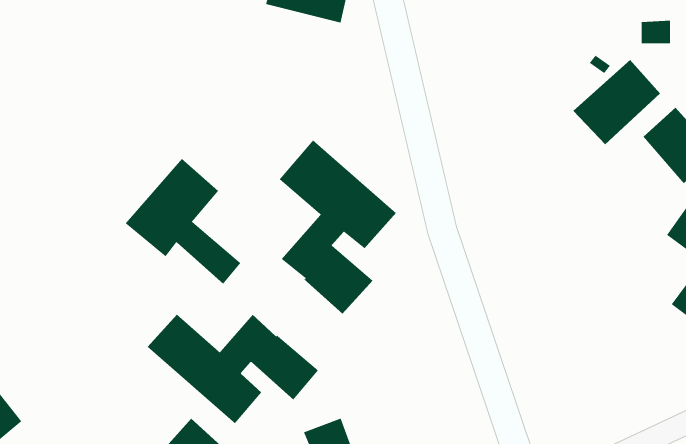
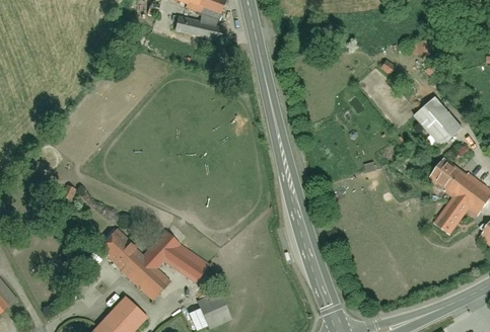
building: [573,59,661,145] -> none
building: [279,139,397,315] -> none
building: [125,158,241,285] -> none

